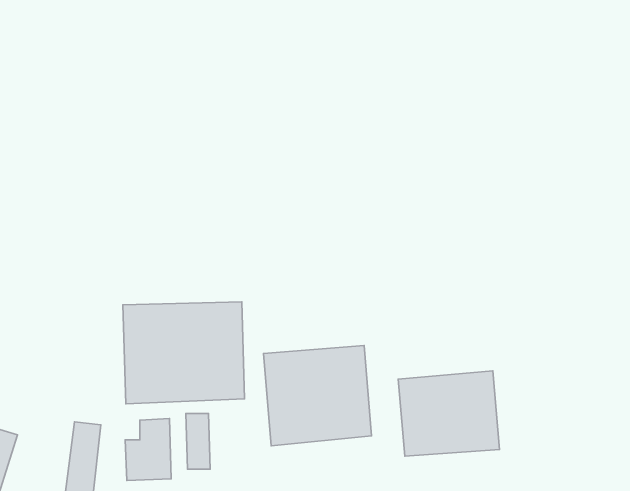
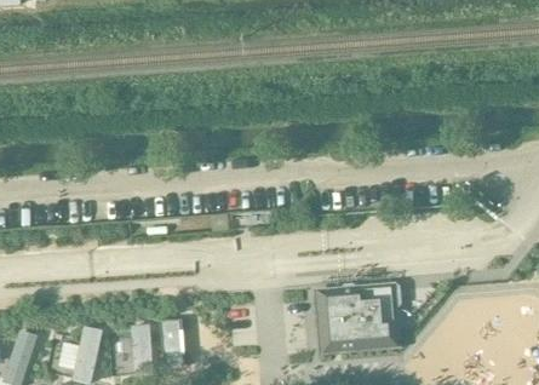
building: [123,302,244,404] -> none
building: [263,345,372,446] -> none

